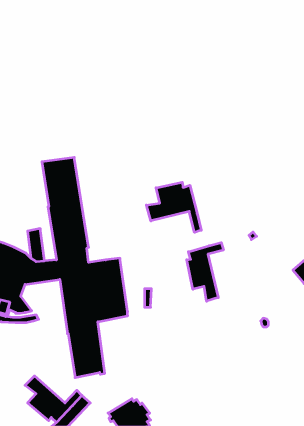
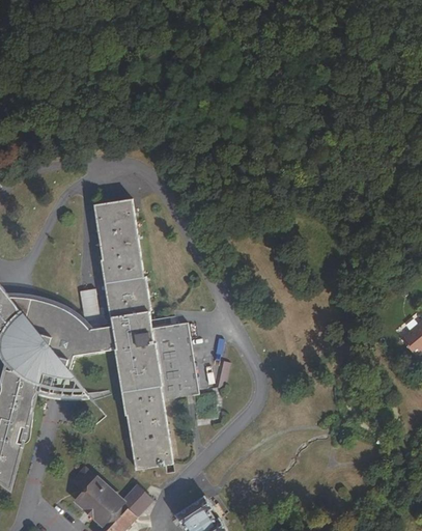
building: [146,182,201,232] -> none
building: [187,243,223,301] -> none

